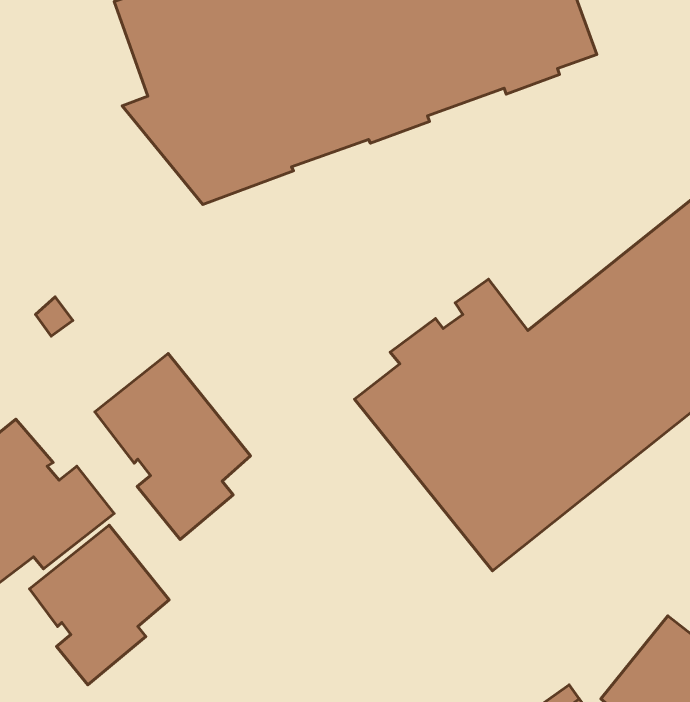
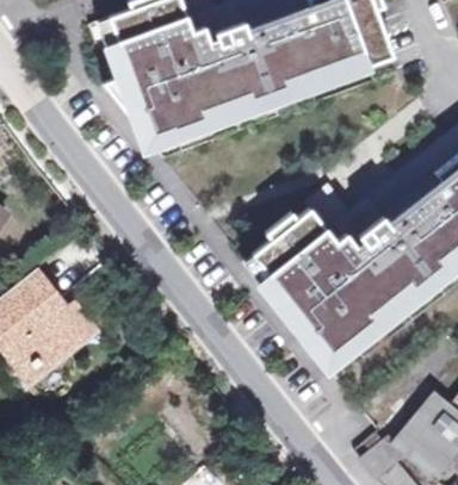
building: [95,353,251,539] -> none
building: [29,525,169,685] -> none

